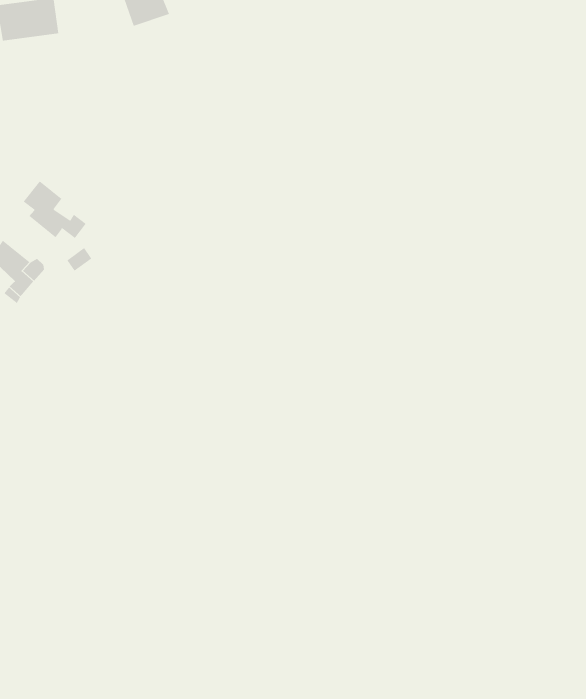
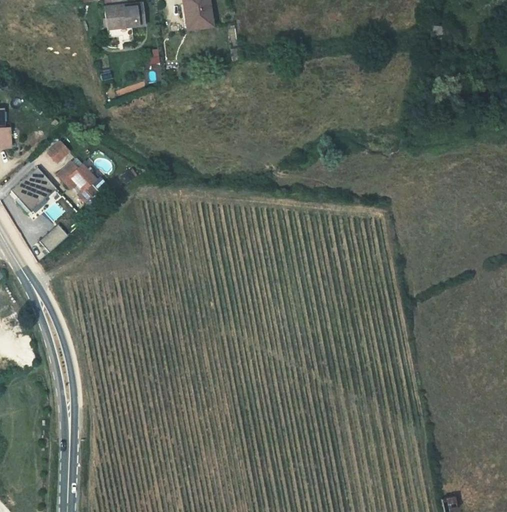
building: [23,181,87,239] -> none

